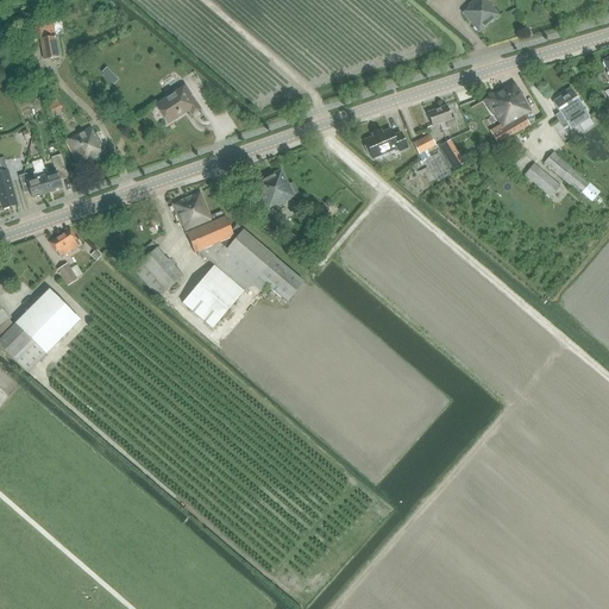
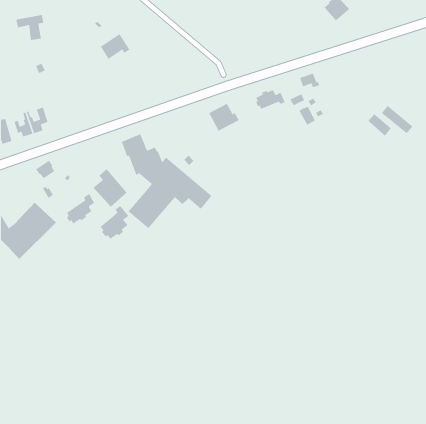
building: [484,81,530,140] -> none
building: [157,83,201,121] -> [100,33,131,60]
building: [552,86,588,126] -> none
building: [65,126,106,165] -> none
building: [253,168,299,209] -> [208,103,240,132]
building: none -> [66,193,95,224]
building: none -> [100,205,129,240]

